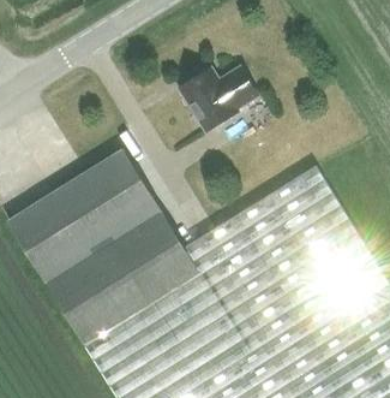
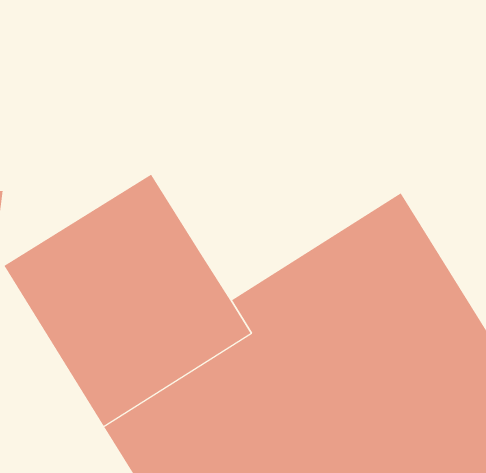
building: [180,69,258,132] -> none

